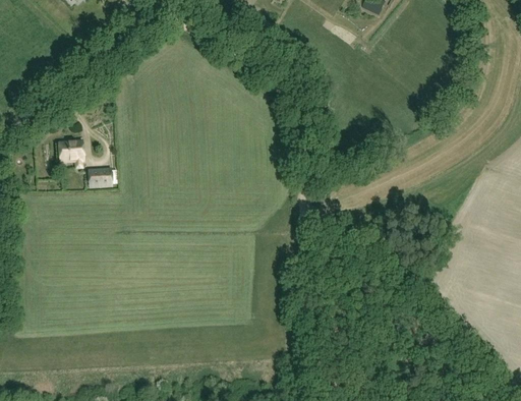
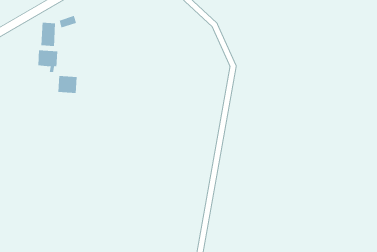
building: none -> [41,22,56,47]

